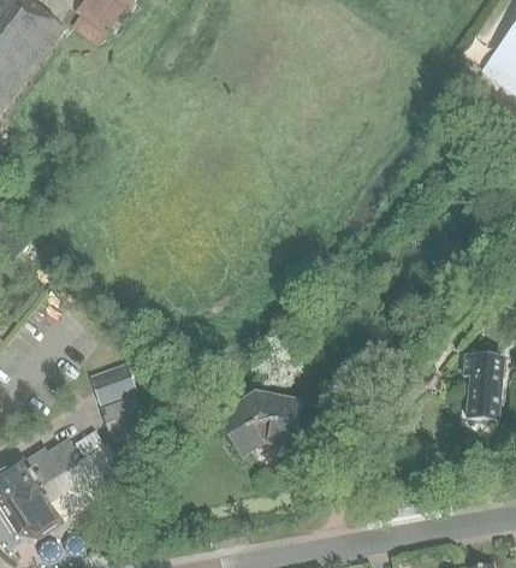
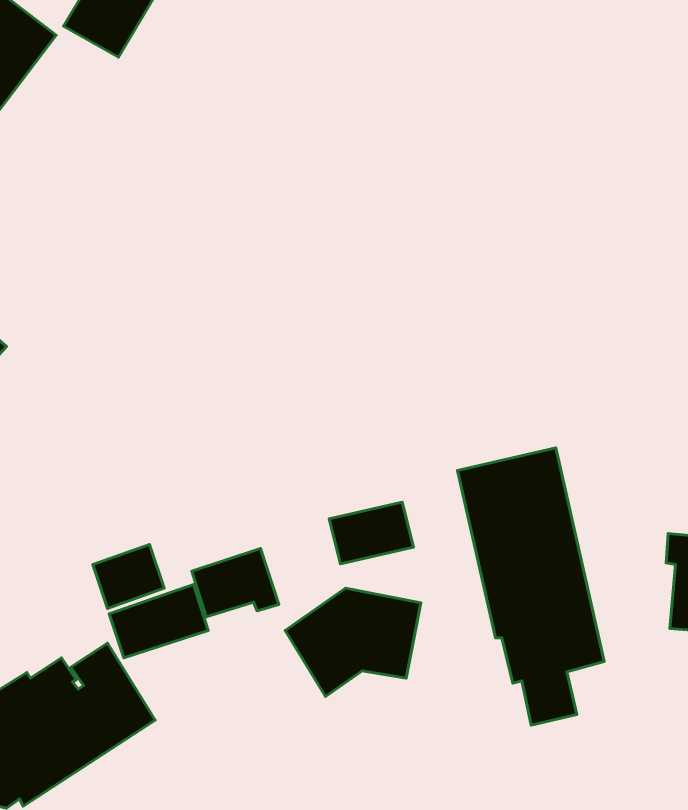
building: none -> [457,448,604,725]
building: none -> [329,502,414,564]
building: none -> [192,548,279,617]

